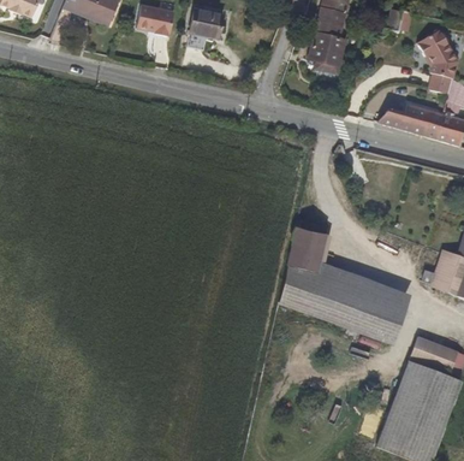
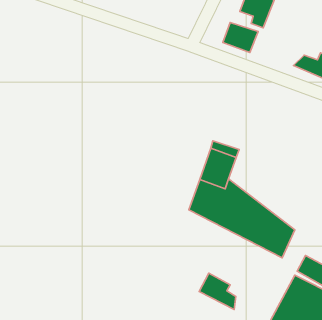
building: none -> [223,23,258,52]
building: none -> [199,273,236,309]

